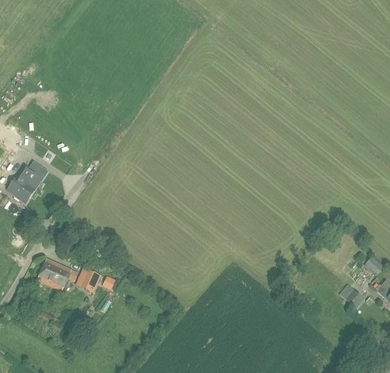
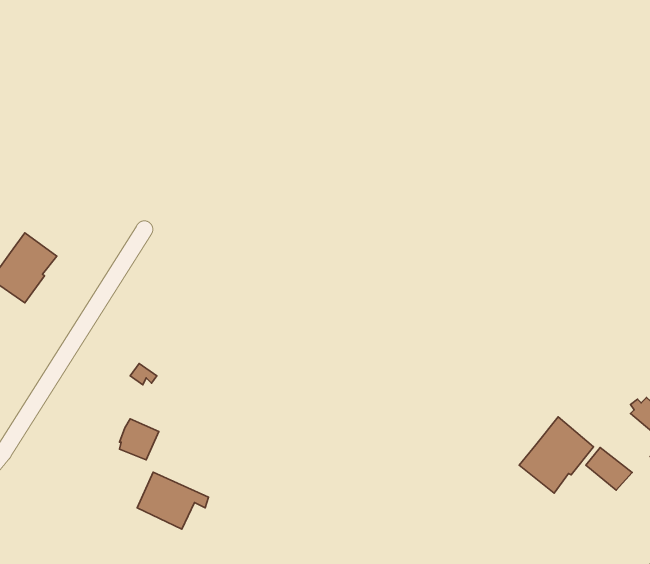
building: [37,259,77,291] -> [137,472,209,529]
building: none -> [519,417,593,493]

